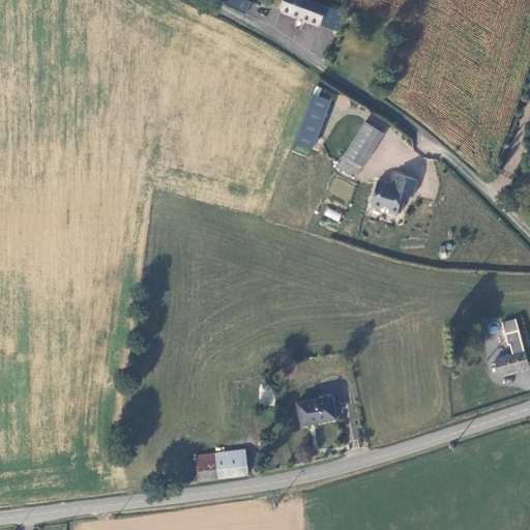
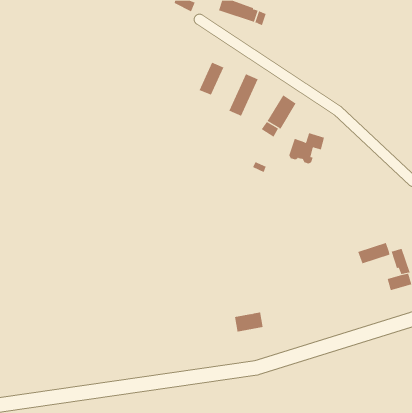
building: none -> [199,62,224,96]
building: none -> [358,242,390,264]
building: [199,451,249,472] -> none

